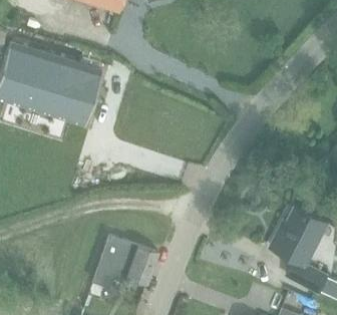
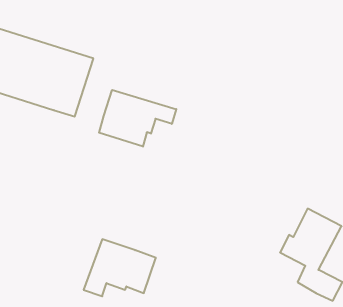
building: none -> [99,90,176,147]

